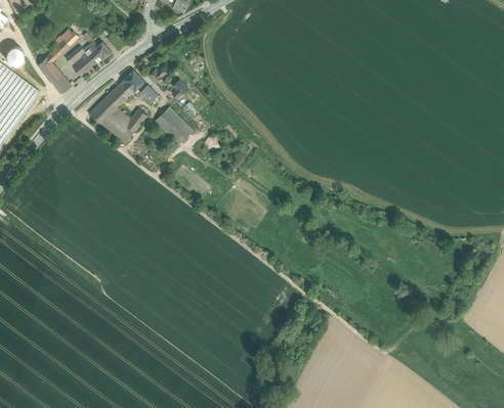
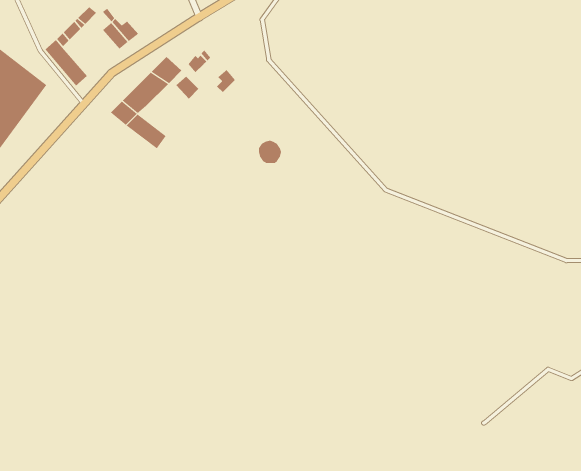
building: [65,44,95,76] -> none
building: [154,105,193,144] -> none
building: [110,107,146,131] -> none

